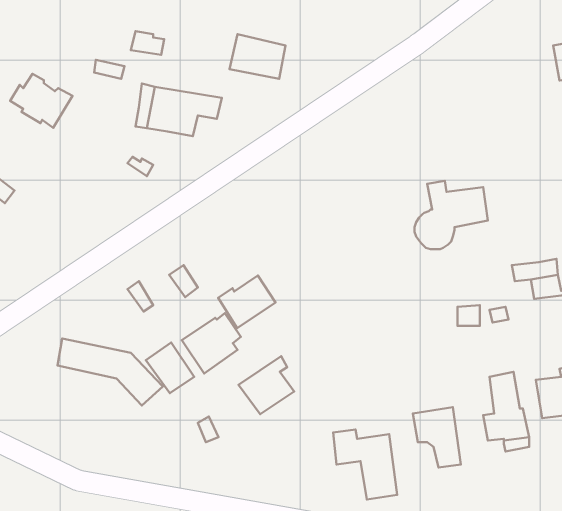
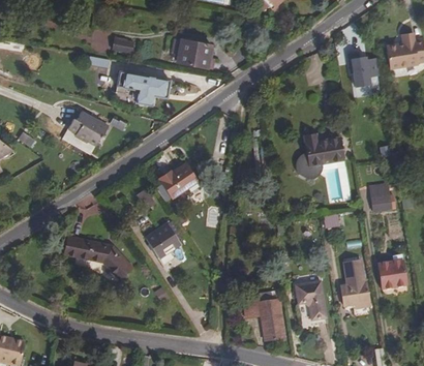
building: none -> [347,51,380,87]
building: [10,74,72,128] -> [67,111,108,146]
building: [218,276,275,328] -> [159,163,196,197]
building: [146,342,194,393] -> none
building: [238,356,294,414] -> none

